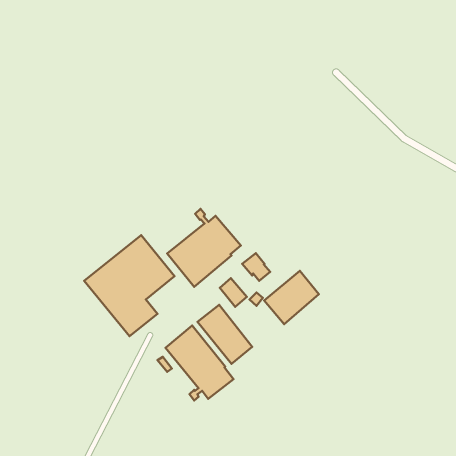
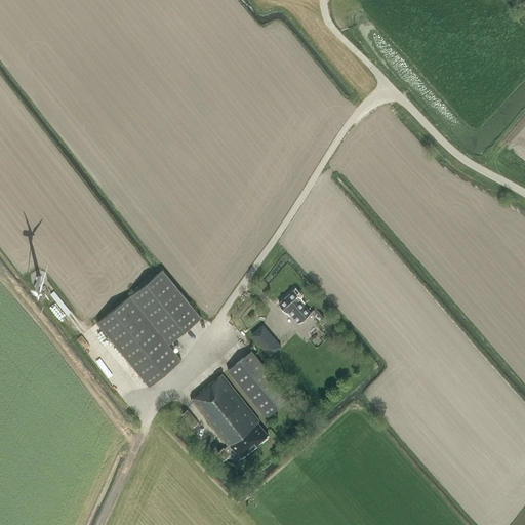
building: [167,209,241,287] -> none
building: [264,271,319,324] -> none

